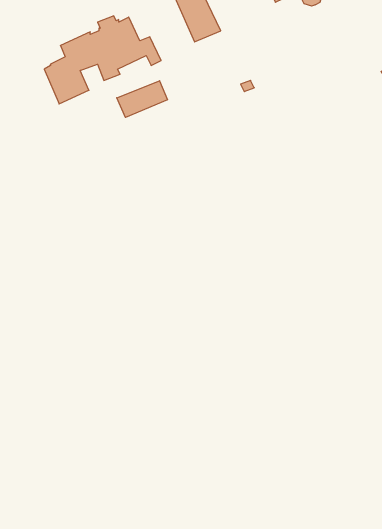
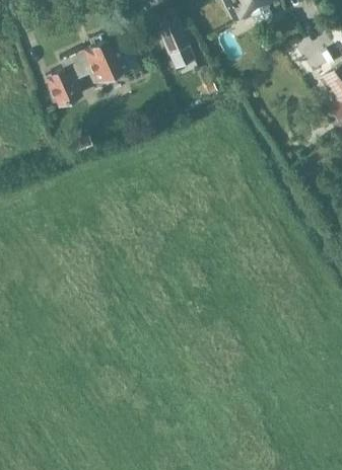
building: [117,81,167,117] -> none

